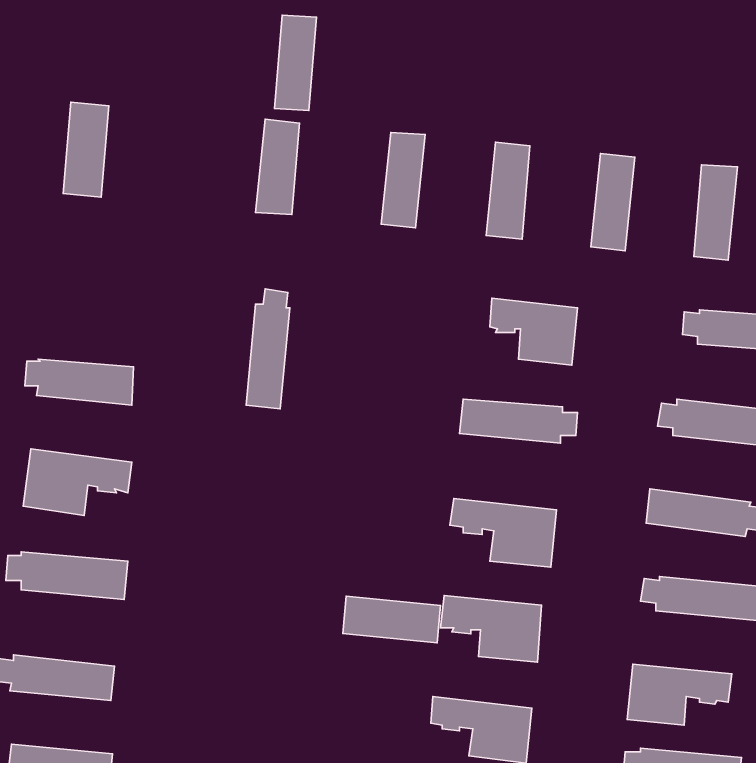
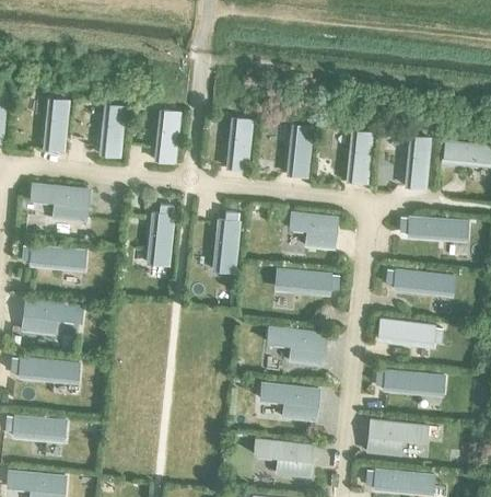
building: [275,15,317,110] -> [101,103,125,158]
building: none -> [30,183,90,221]
building: none -> [214,206,241,274]
building: [343,596,441,643] -> none

